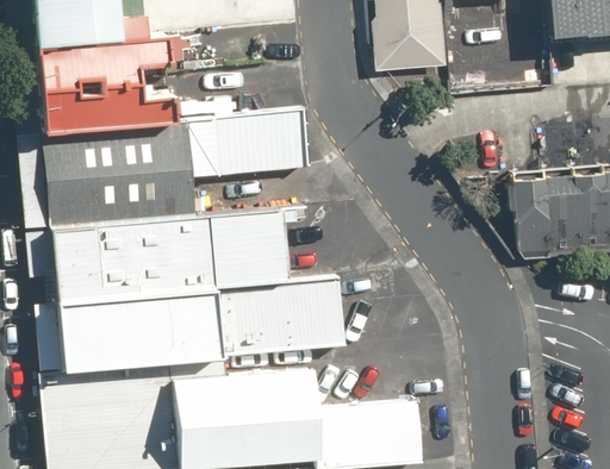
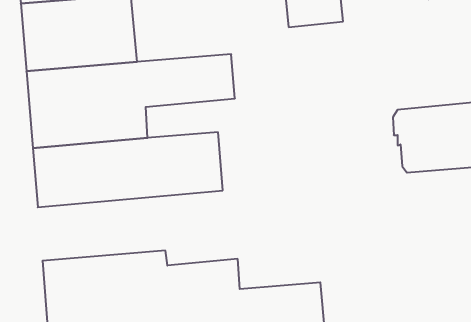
building: [57,275,344,369] -> none

